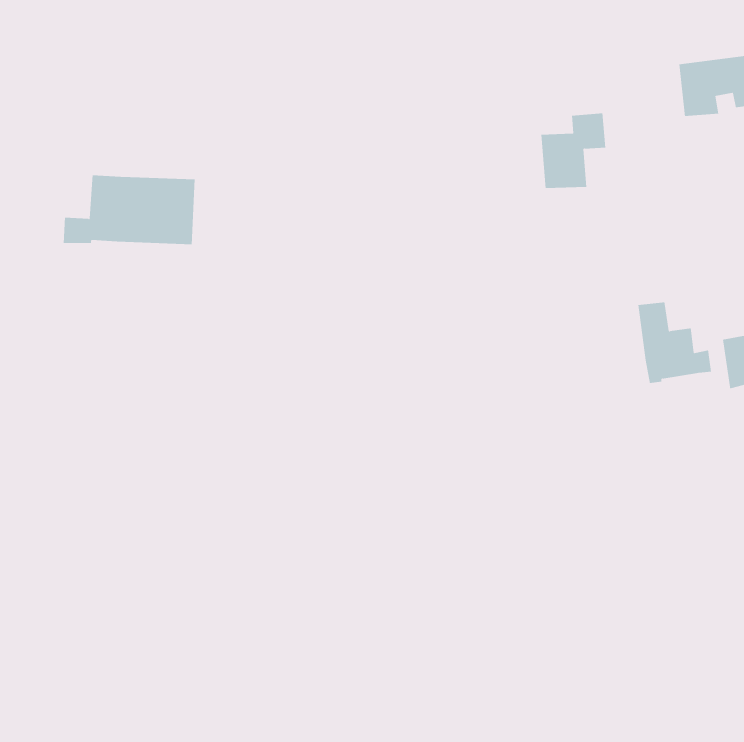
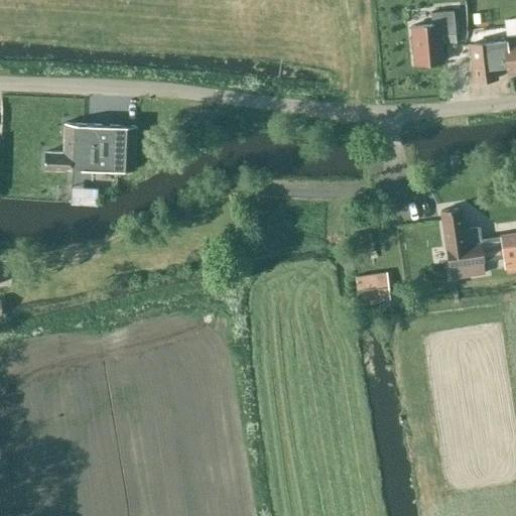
building: [540,113,606,189] -> [411,12,457,64]
building: none -> [357,275,380,305]

